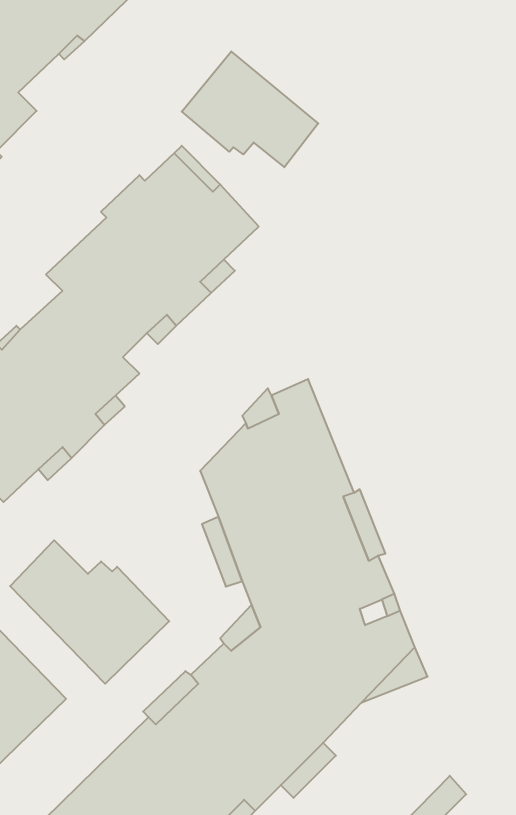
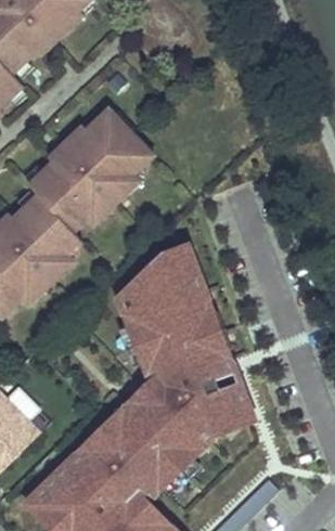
building: [182,51,318,167] -> none
building: [10,540,169,684] -> none

